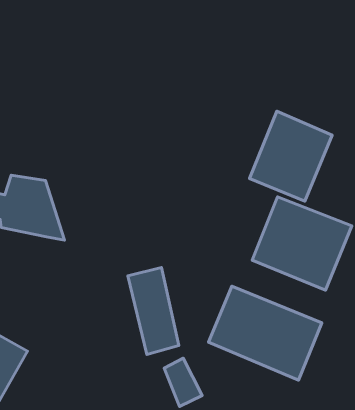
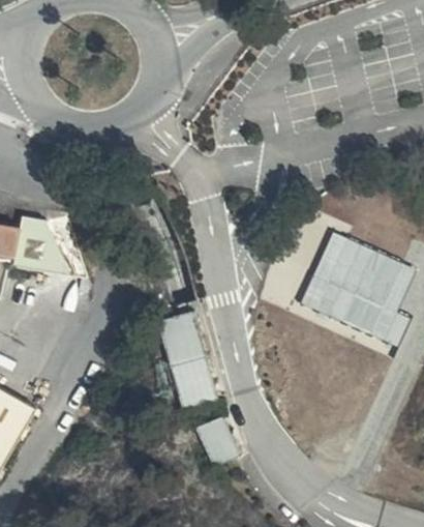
building: [249,111,332,201] -> none
building: [208,286,322,380] -> none

